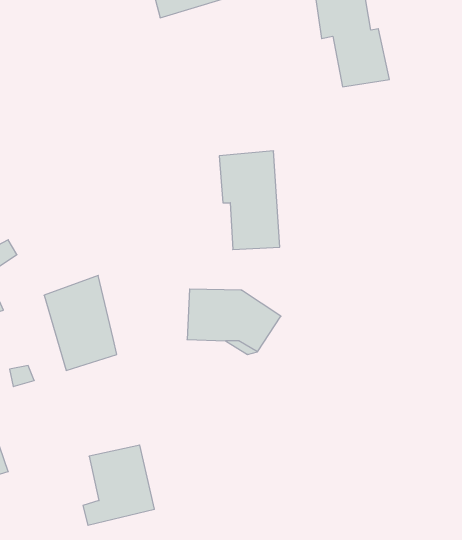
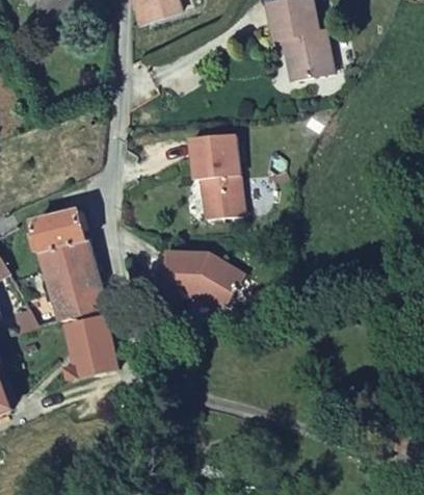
building: none -> [28,205,87,255]
building: [83,445,154,525] -> [57,313,117,381]

